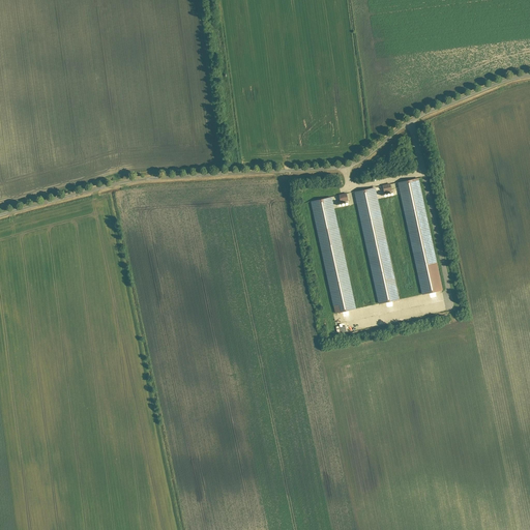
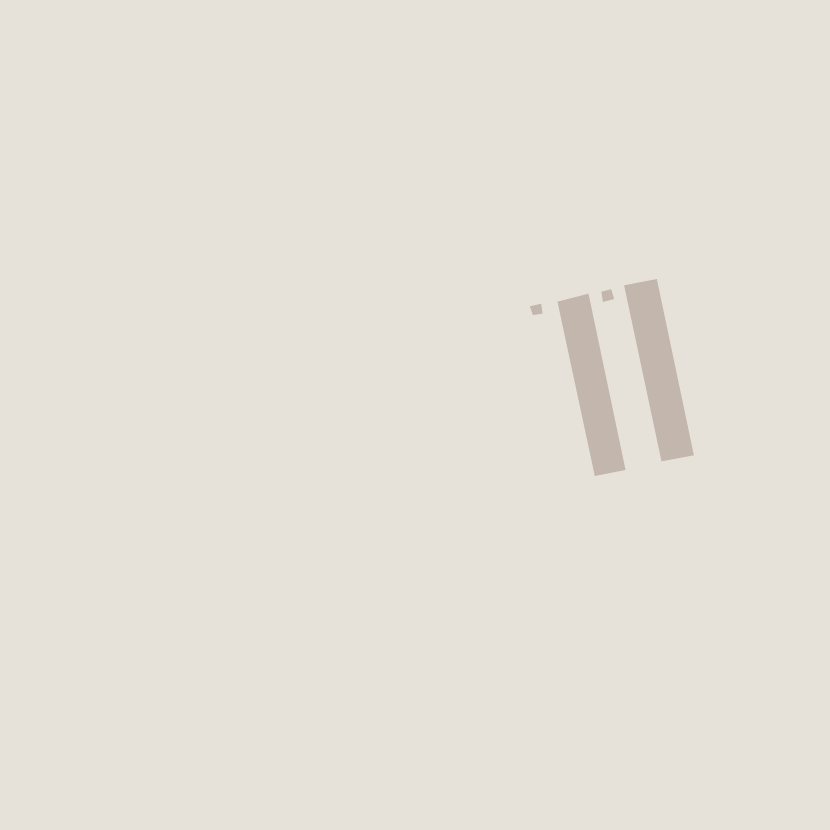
building: [310,196,354,313] -> none

